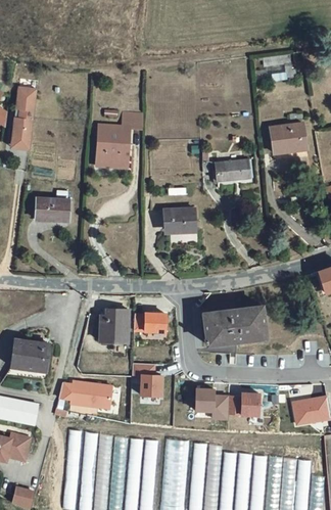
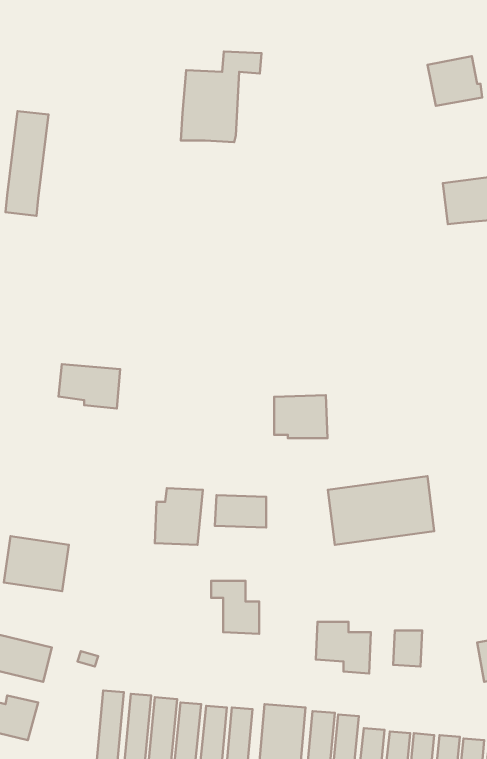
building: [95,113,143,168] -> [181,51,262,142]
building: [217,161,251,181] -> none
building: [35,197,72,224] -> [59,364,120,409]
building: [162,205,194,231] -> [274,395,327,438]
building: [61,381,112,409] -> none

